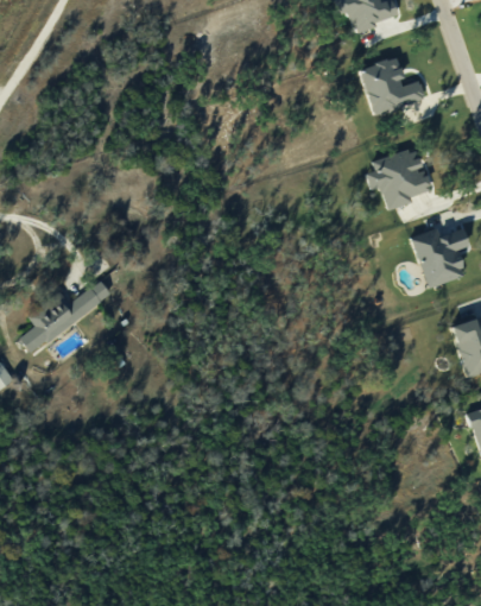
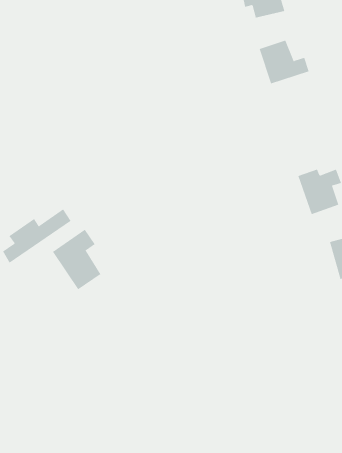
building: [367,149,432,210] -> none
building: none -> [52,229,101,290]

